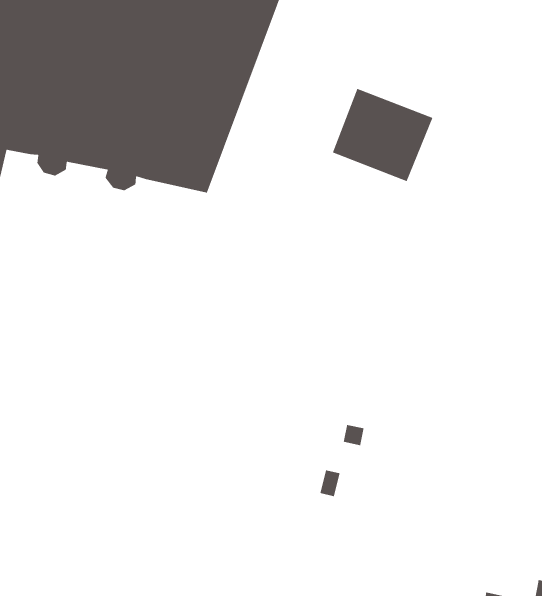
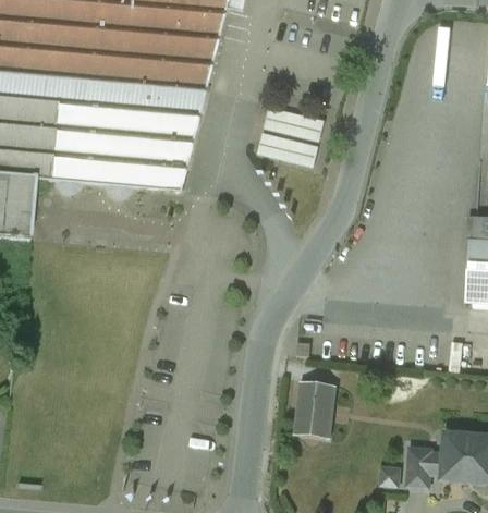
building: none -> [295,381,335,437]

